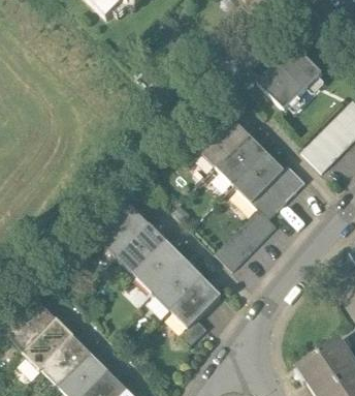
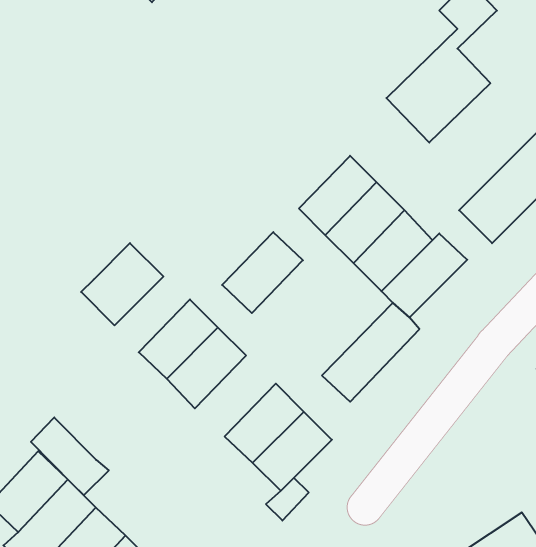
building: none -> [81,243,163,325]
building: [135,241,186,292] -> [222,232,303,313]
building: none -> [31,417,109,495]

